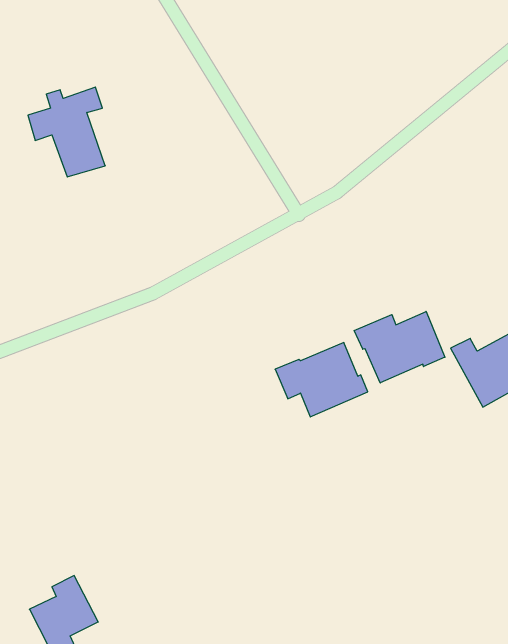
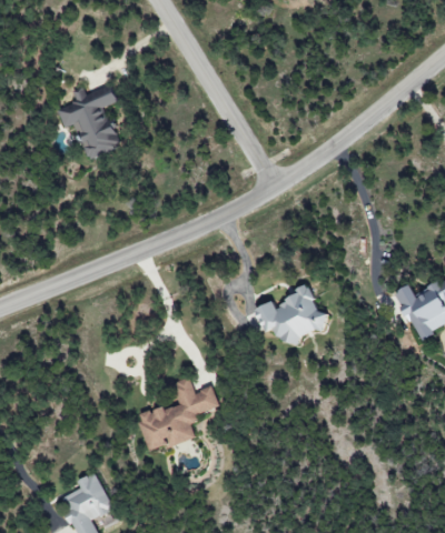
building: [354,311,445,383] -> none
building: none -> [137,378,219,451]

